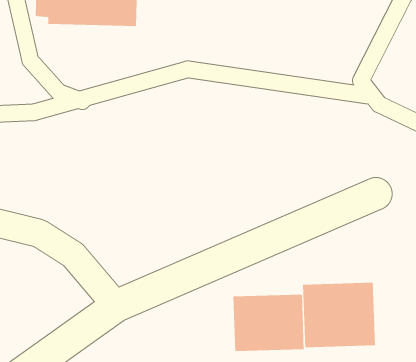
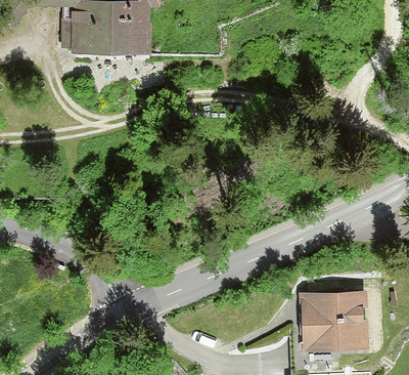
building: [233,294,304,352] -> none

